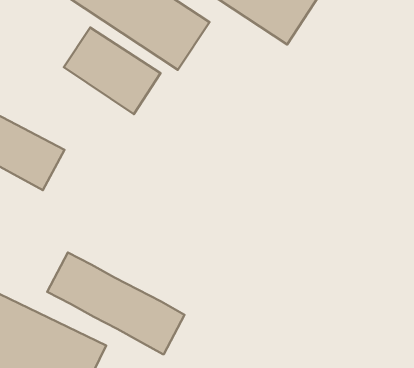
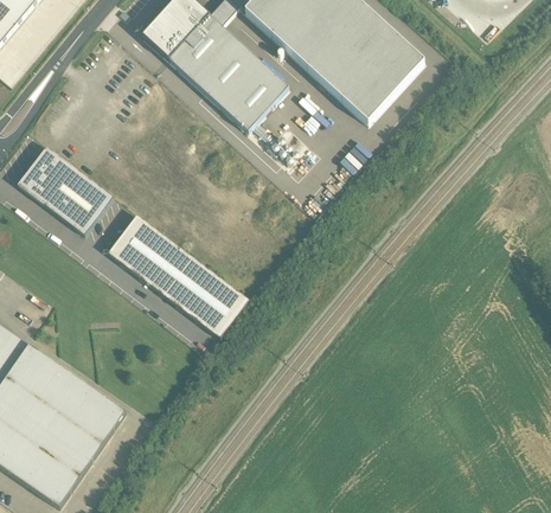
building: [64,28,161,114] -> none
building: [47,252,185,354] -> [108,213,249,336]

